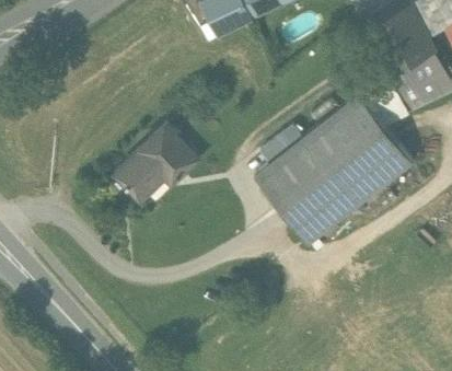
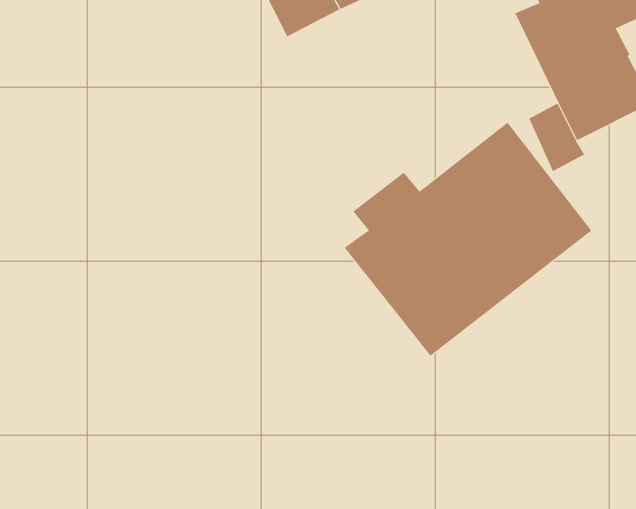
building: [118,124,198,196] -> none

